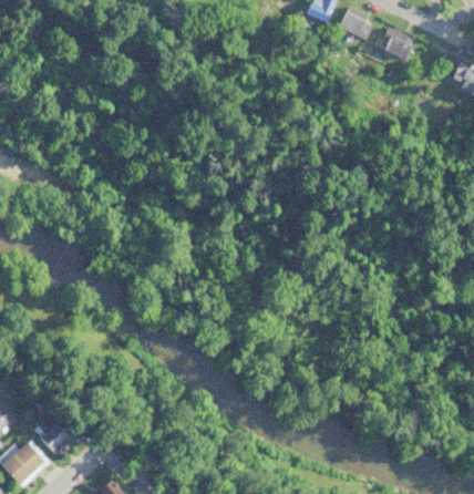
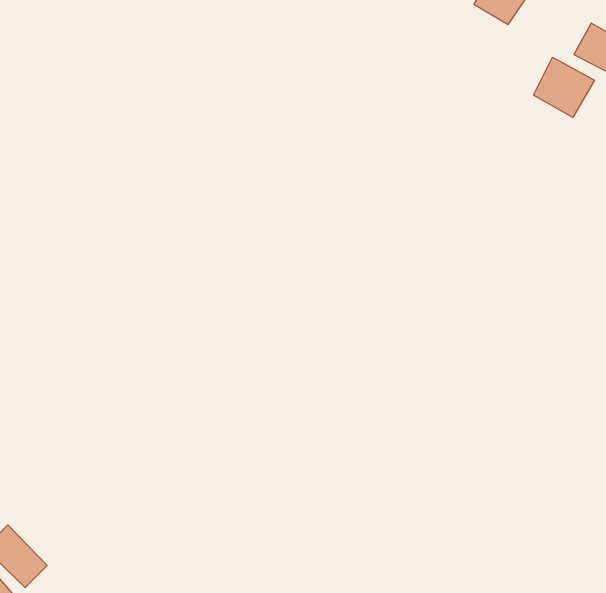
building: none -> [534,57,594,118]

